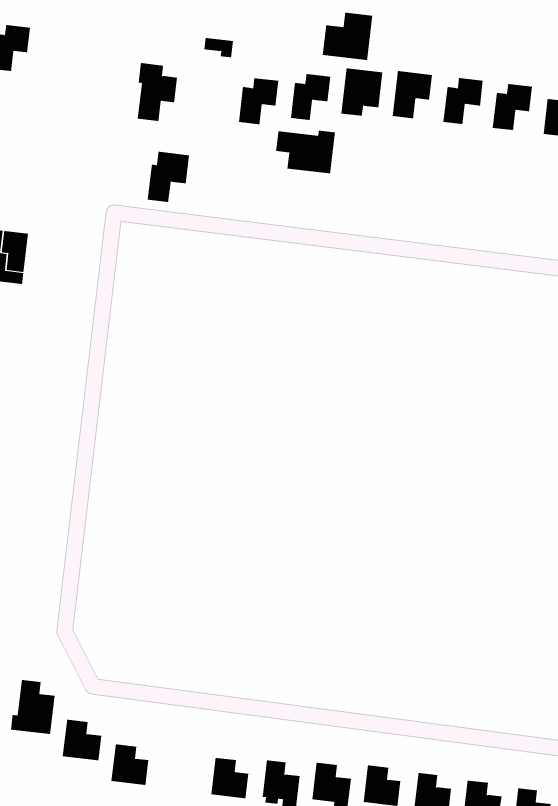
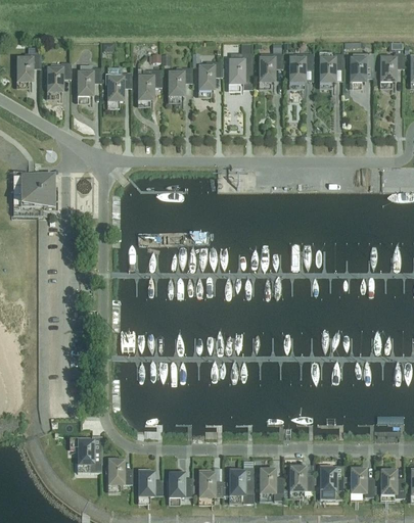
building: [322,12,373,61] -> none
building: none -> [48,63,70,91]
building: none -> [78,65,100,95]
building: [276,130,335,174] -> none
building: [147,151,190,202] -> [138,69,160,99]
building: none -> [170,474,191,496]

